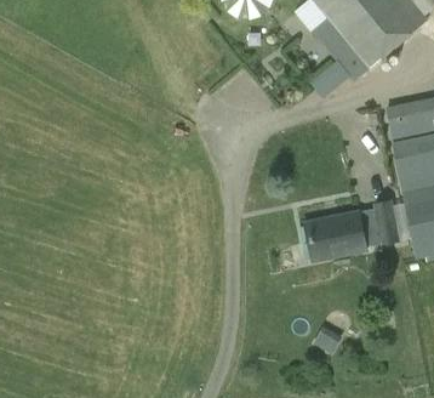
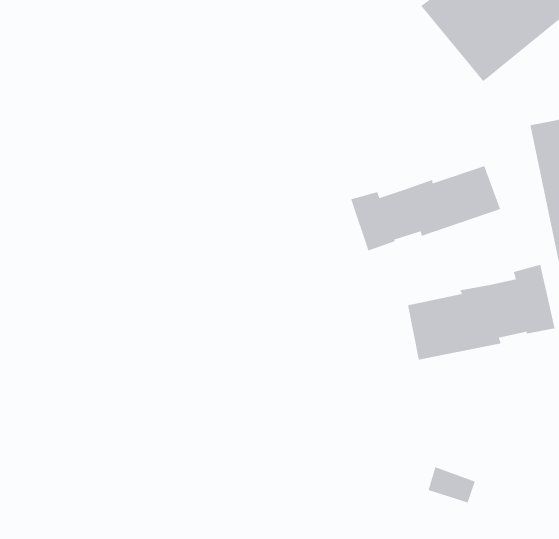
building: none -> [350,165,501,252]

